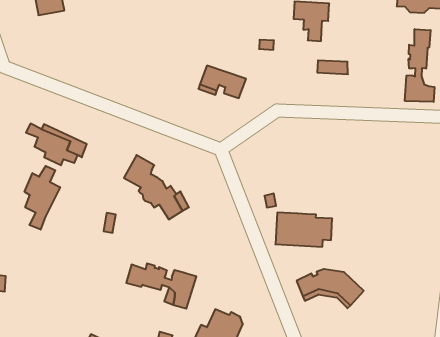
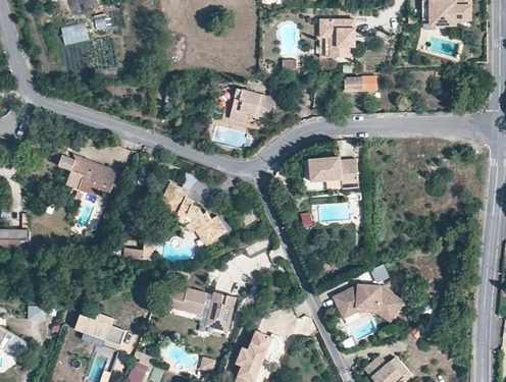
building: [405,29,434,102] -> none
building: [25,166,60,230] -> none
building: [275,213,332,247] -> [304,154,359,185]
building: none -> [75,315,127,347]

